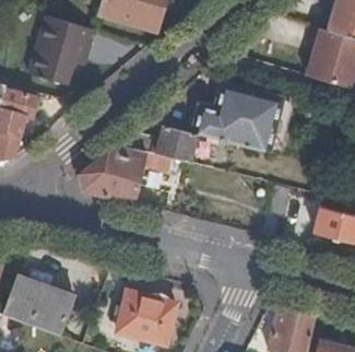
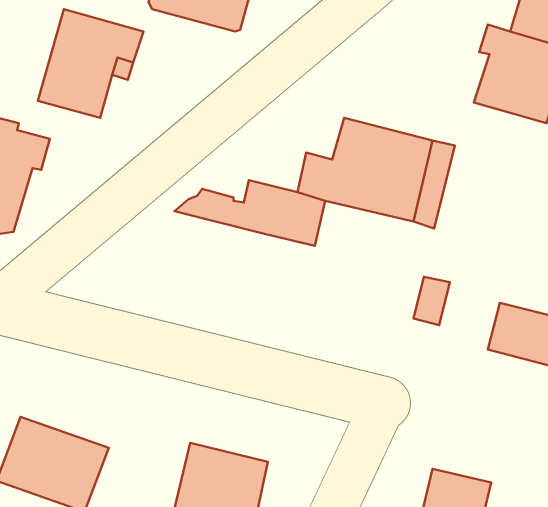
building: [80,144,173,203] -> none

